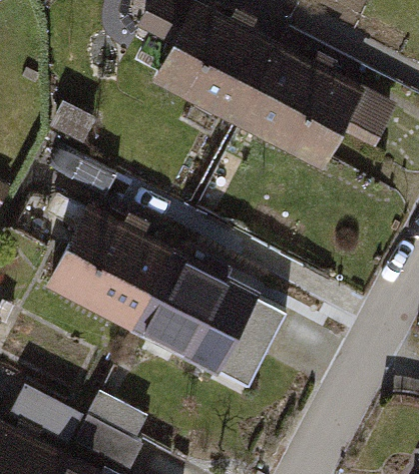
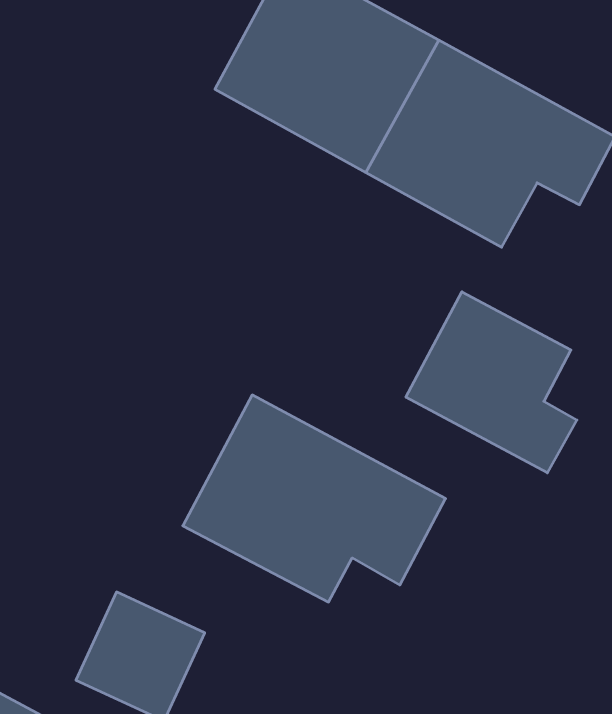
building: none -> [406,292,577,473]
building: [47,210,178,336] -> none

